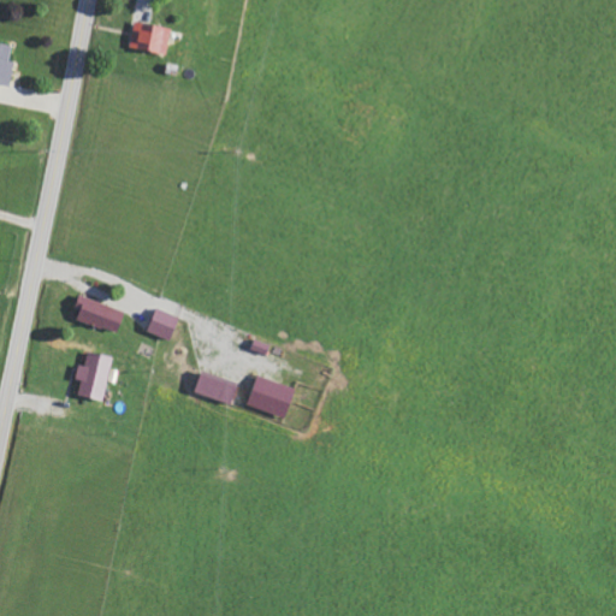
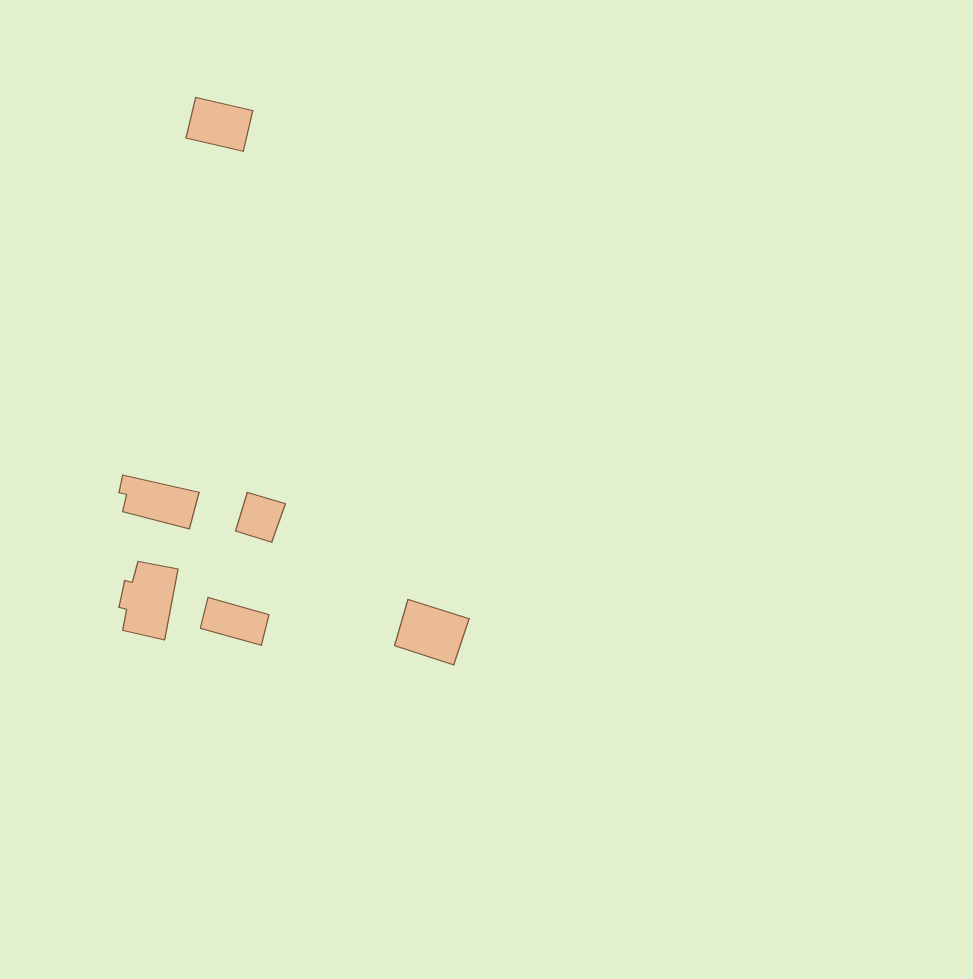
building: [129,22,171,55] -> [186,98,253,151]
building: [194,374,237,404] -> [200,597,269,645]

